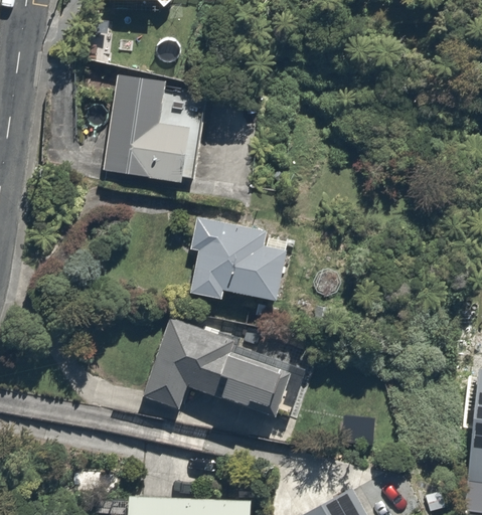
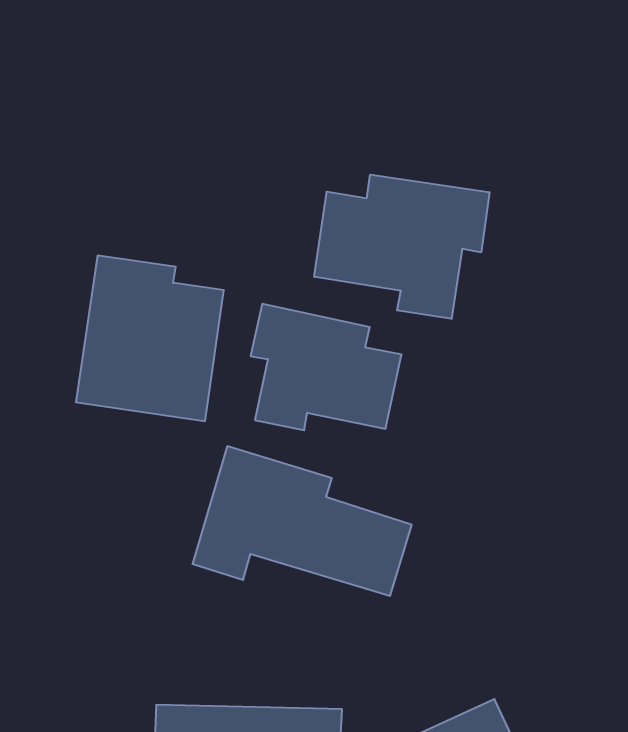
building: [100,73,202,188] -> [76,255,224,421]
building: none -> [314,175,489,319]

